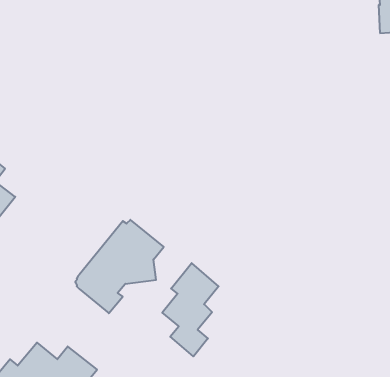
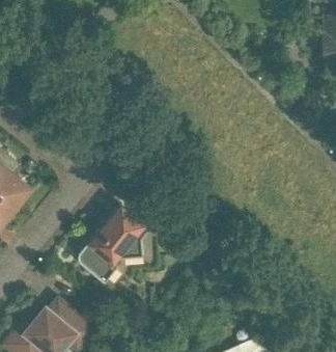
building: [162,263,219,356] -> none

